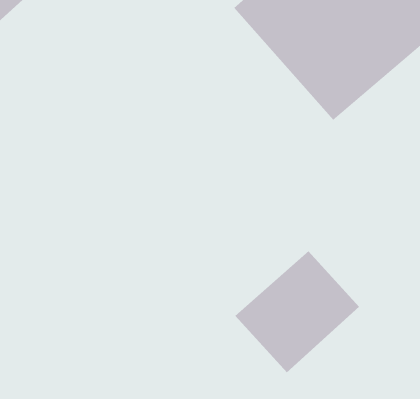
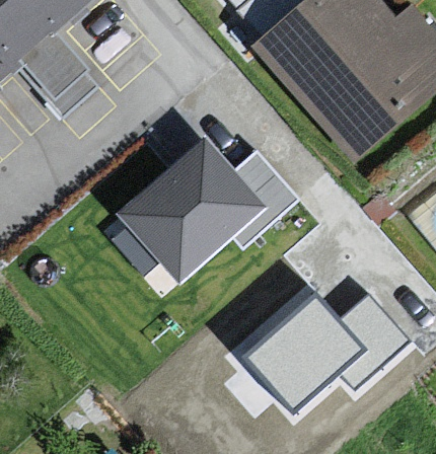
building: none -> [126,131,276,279]

